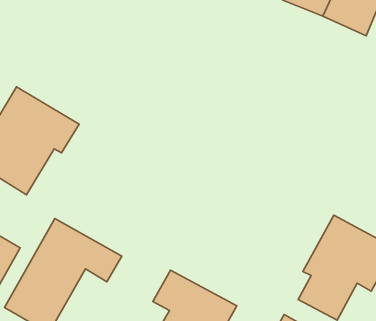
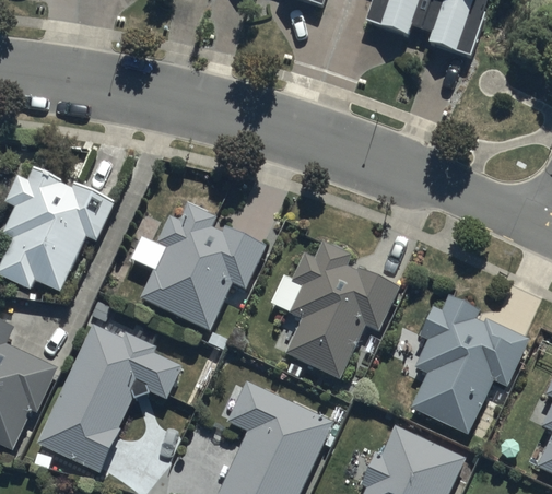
building: none -> [141,209,265,332]
building: none -> [286,239,401,379]

